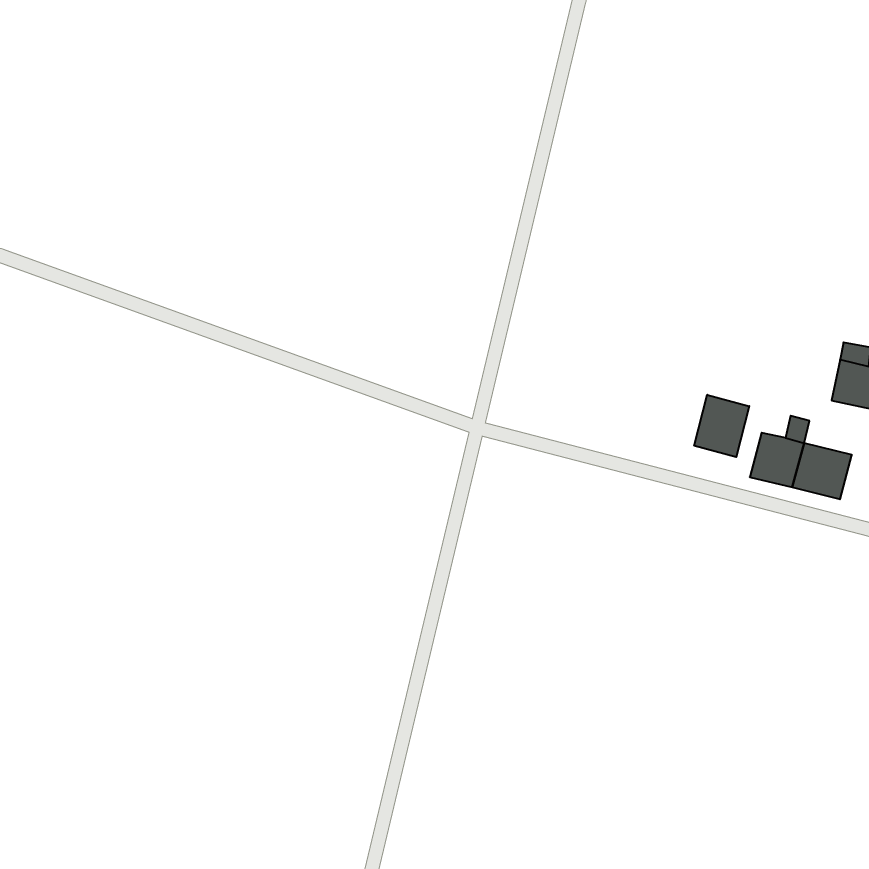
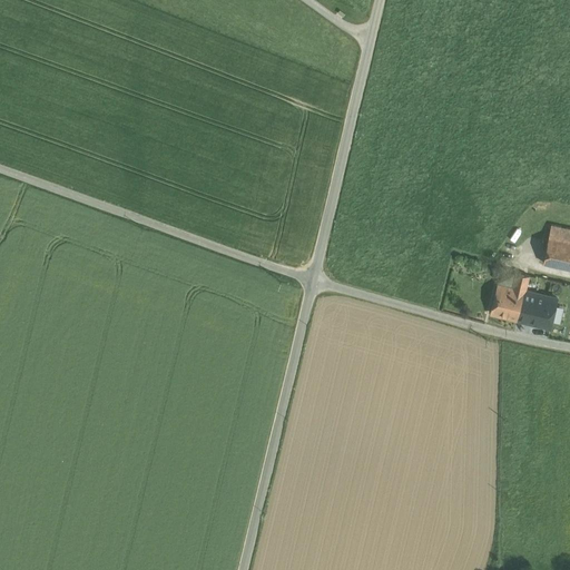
building: [694,395,749,457] -> none

